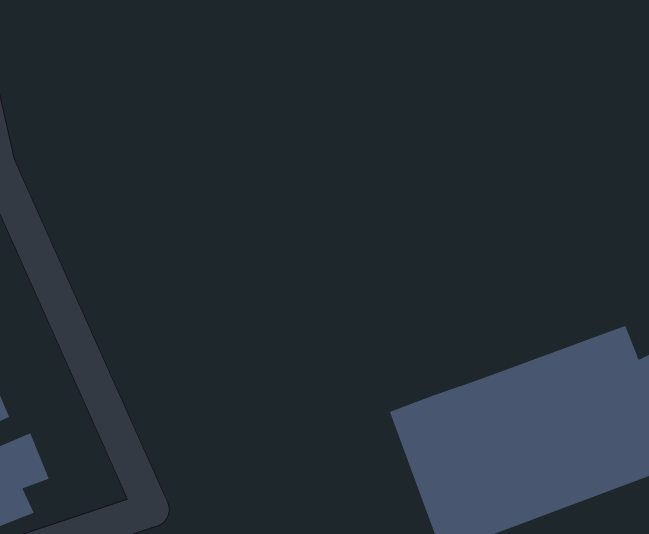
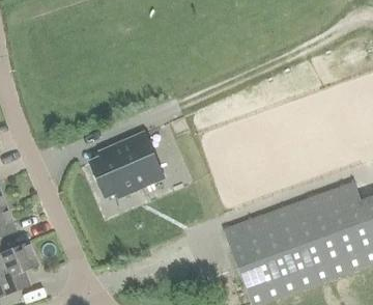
building: none -> [90,132,164,196]

